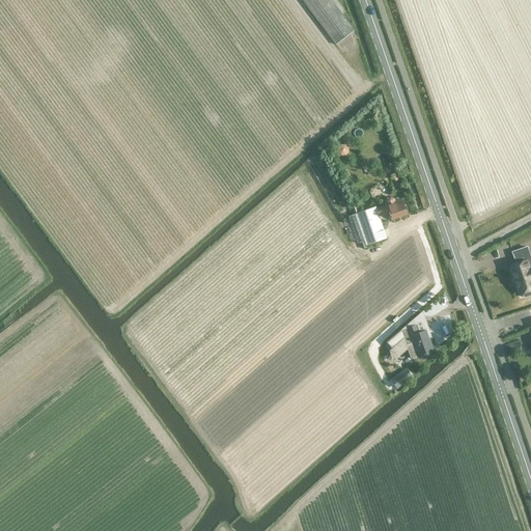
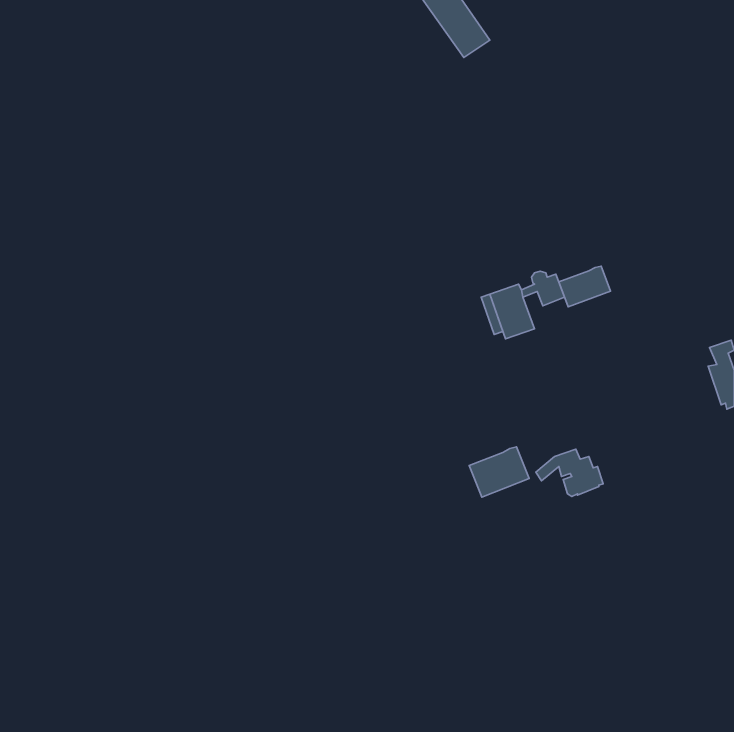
building: none -> [559,266,611,307]
building: none -> [469,447,529,497]

